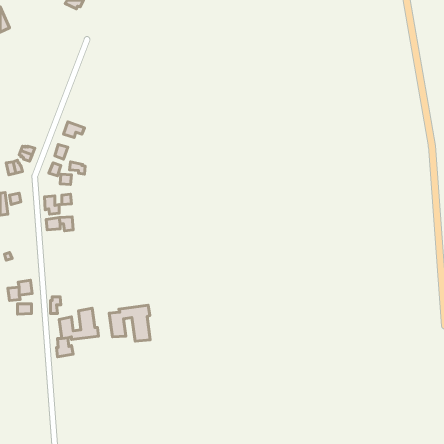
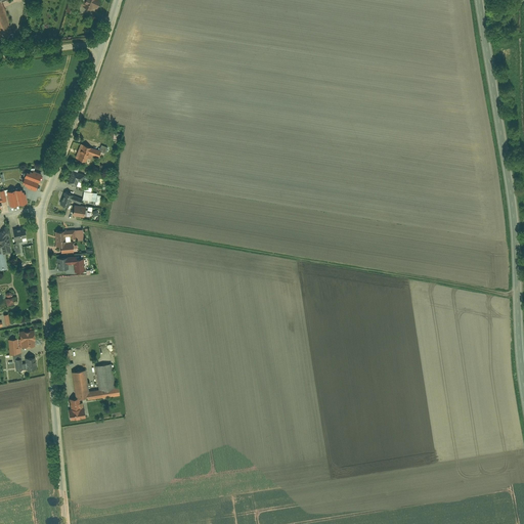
building: [109,305,150,341] -> none

